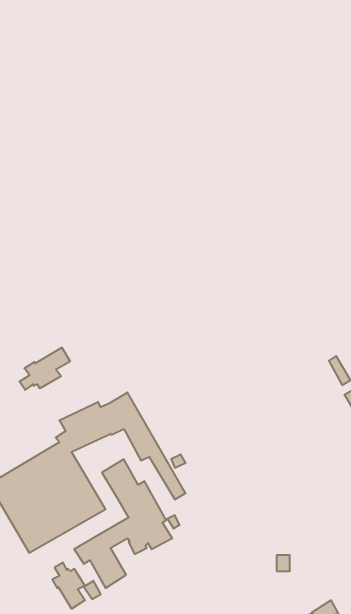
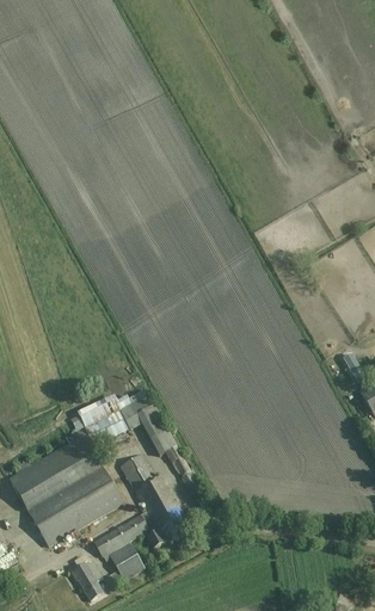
building: [19,347,70,390] -> none

